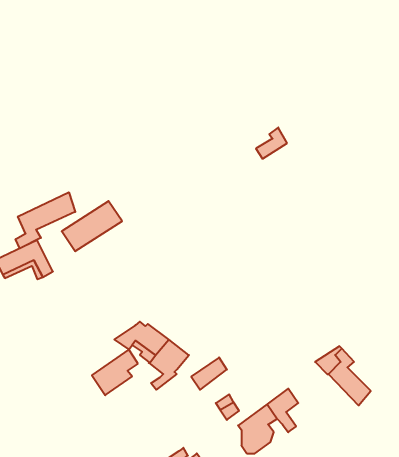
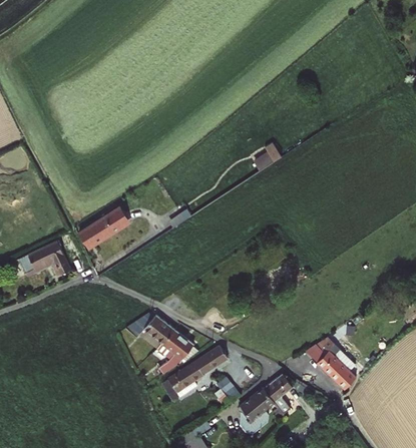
building: [16,192,75,248] -> none
building: [92,350,138,395] -> [161,363,202,404]

